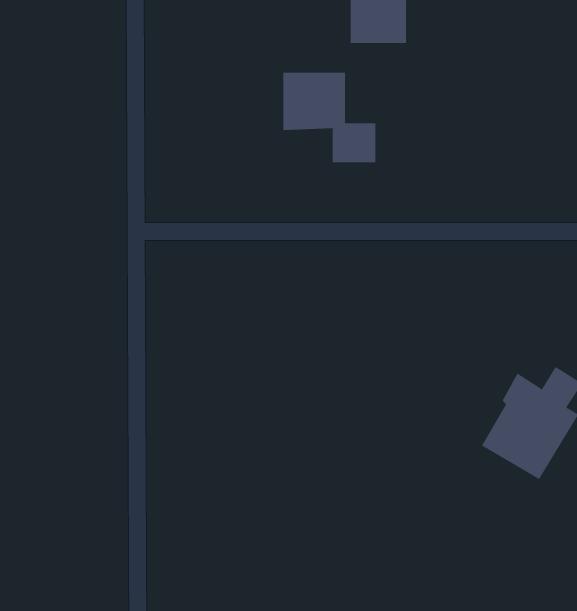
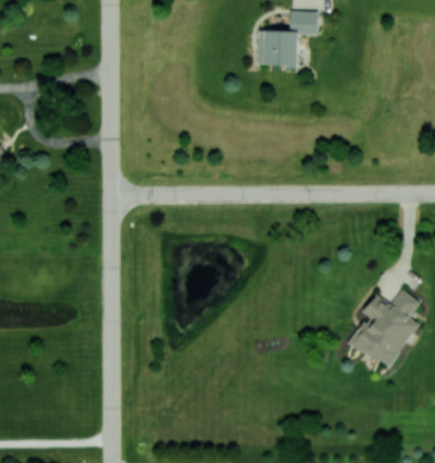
building: [283,72,376,163] -> none

